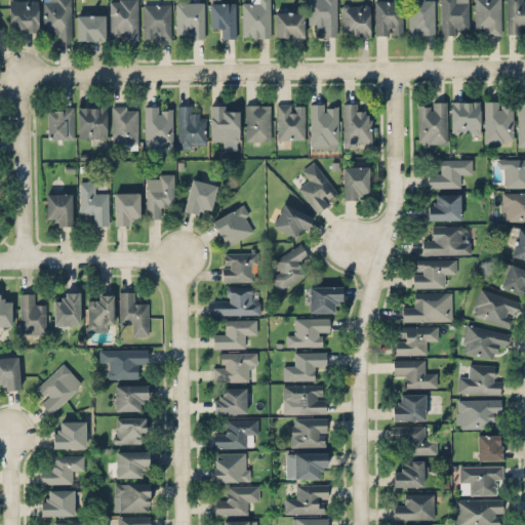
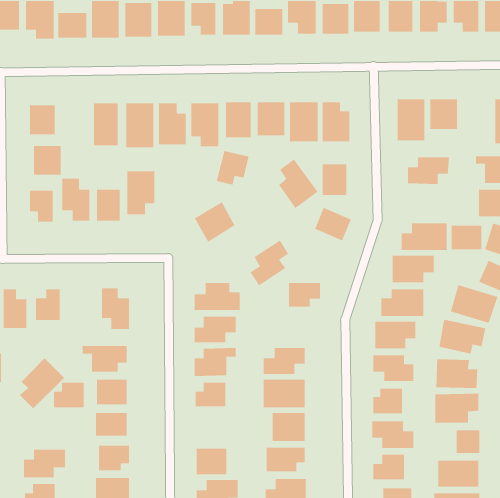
building: [485,103,515,145] -> none
building: [79,109,108,139] -> [33,145,62,176]
building: [185,180,218,216] -> [216,150,249,186]
building: [430,196,461,221] -> [451,225,482,250]
building: [275,205,313,240] -> [314,207,352,241]
building: [224,254,258,282] -> none
building: [90,296,114,333] -> none
building: [288,319,330,348] -> none
building: [215,420,257,449] -> none
building: [54,422,86,449] -> [53,382,85,408]

